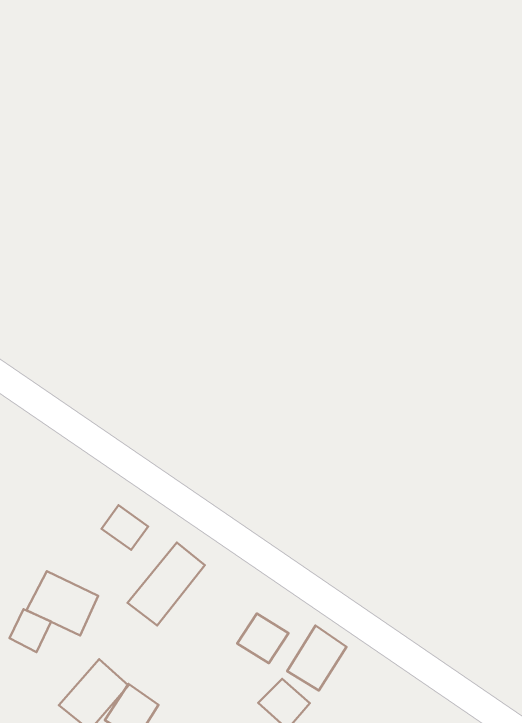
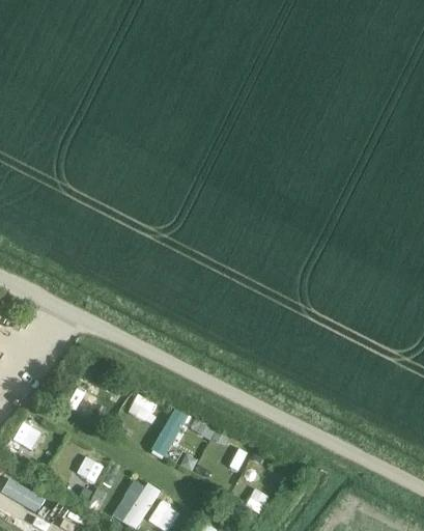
building: [27,571,98,635] -> none
building: [287,626,346,690] -> none

